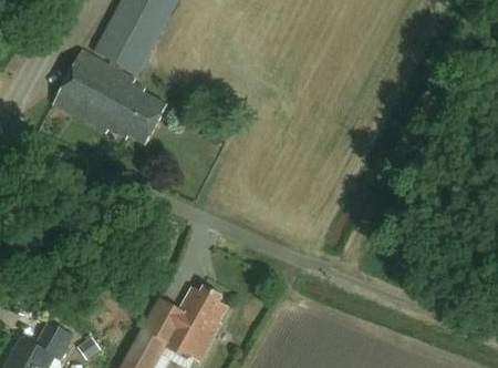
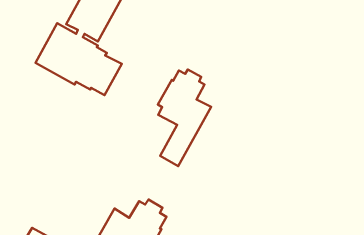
building: none -> [158,70,211,166]

